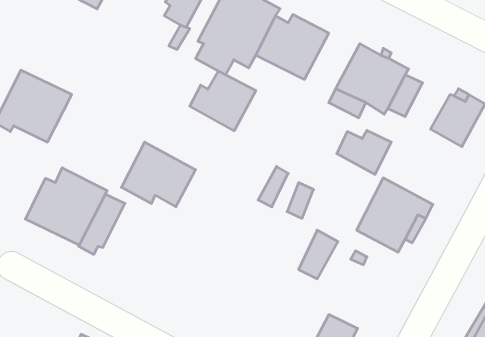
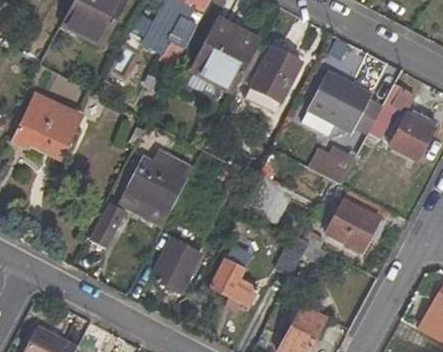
building: none -> [368,83,418,139]
building: [190,71,256,131] -> none
building: [25,168,107,245] -> none
building: none -> [152,239,200,291]
building: none -> [212,247,261,305]

